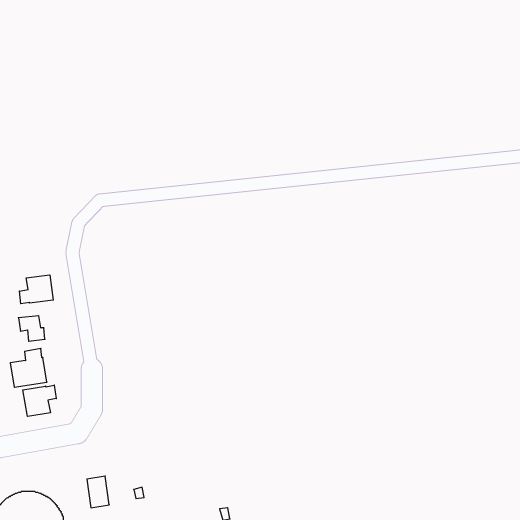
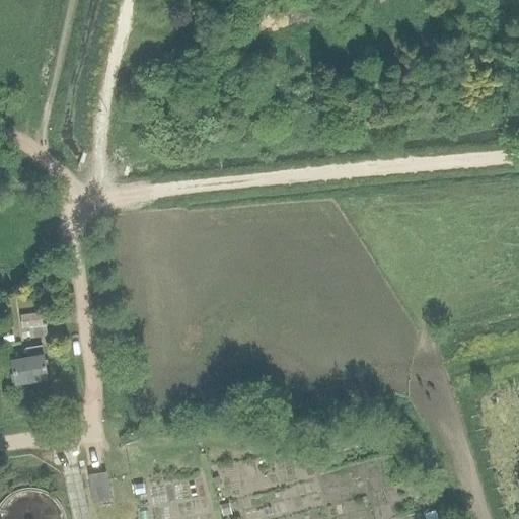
building: [19,275,53,304] -> none
building: [23,385,56,416] -> none

